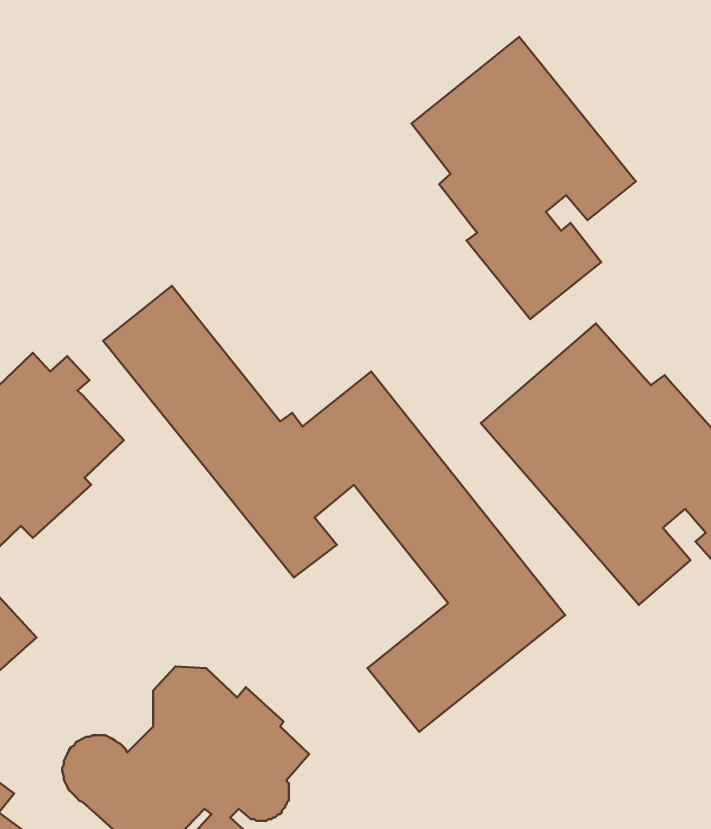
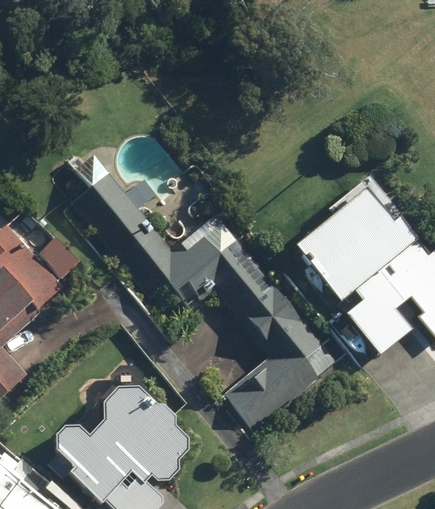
building: [411,37,636,319] -> none

